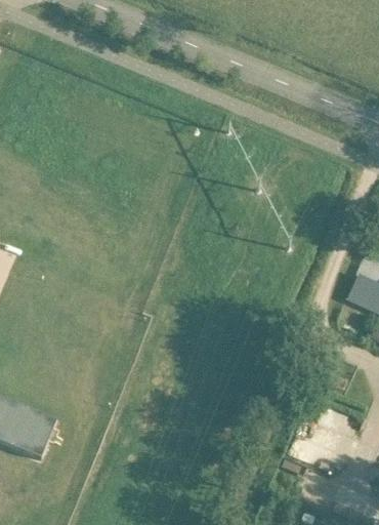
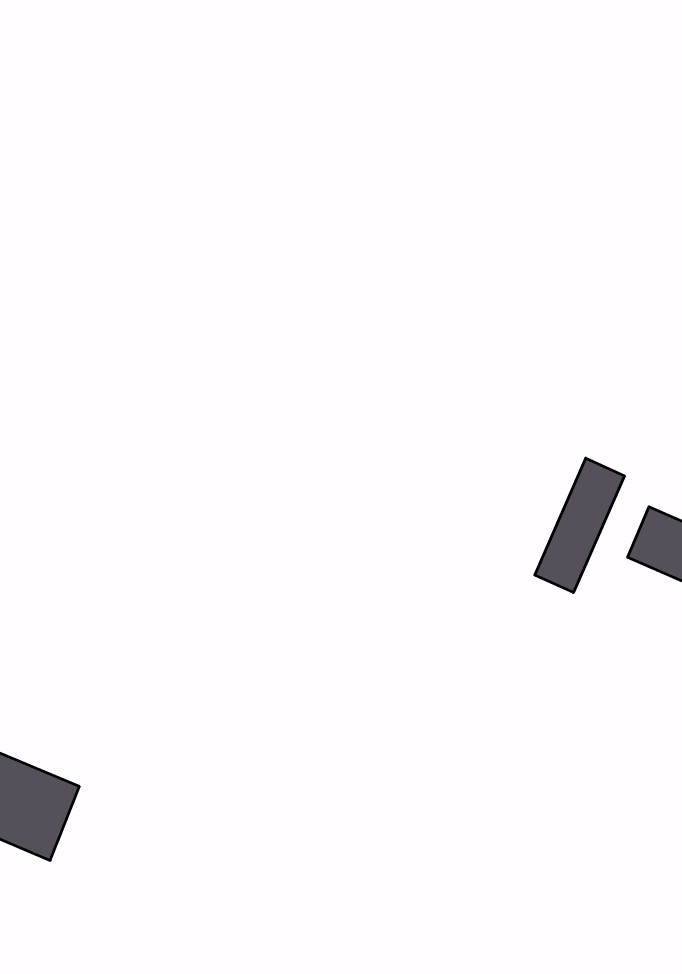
building: none -> [535,458,624,593]

